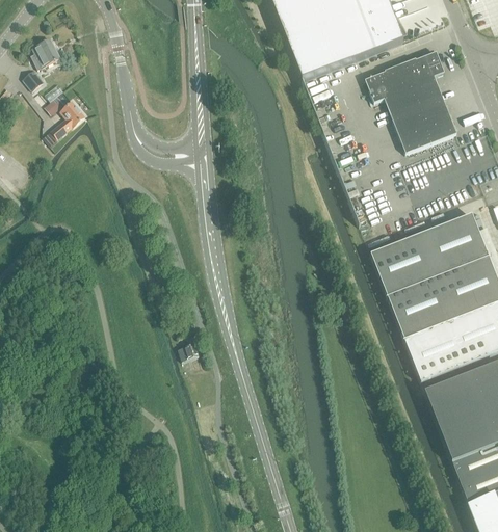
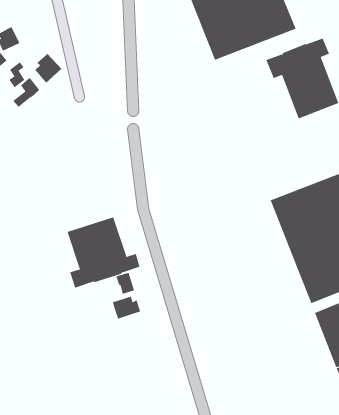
building: none -> [34,53,62,83]
building: none -> [67,216,140,289]
building: none -> [112,296,141,320]

